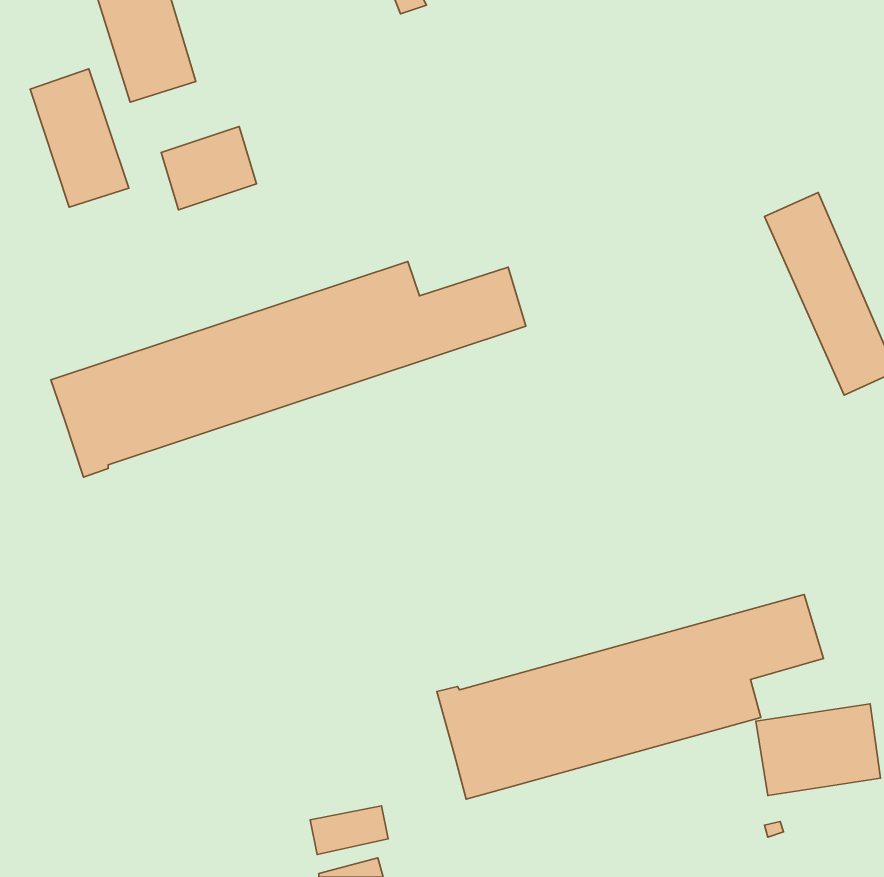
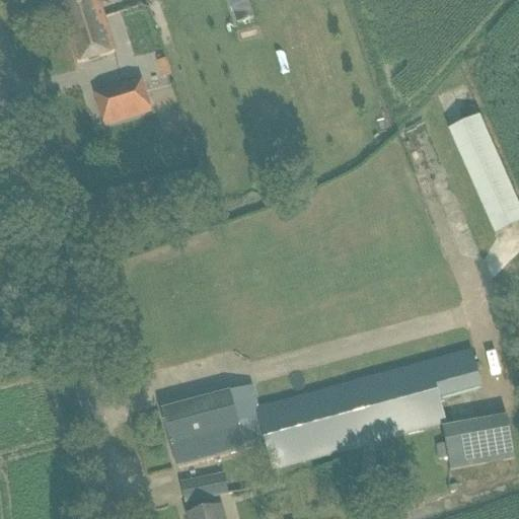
building: [30,69,129,207] -> none
building: [51,261,526,477] -> none
building: none -> [163,384,267,464]

